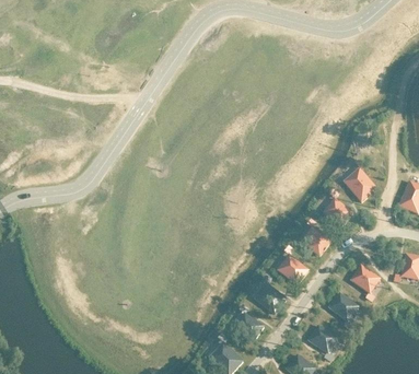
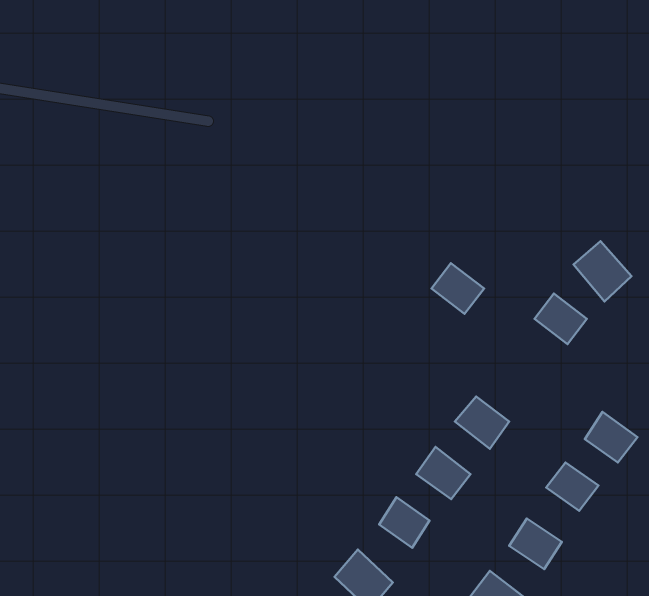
building: [301,225,330,254] -> [432,263,484,314]

